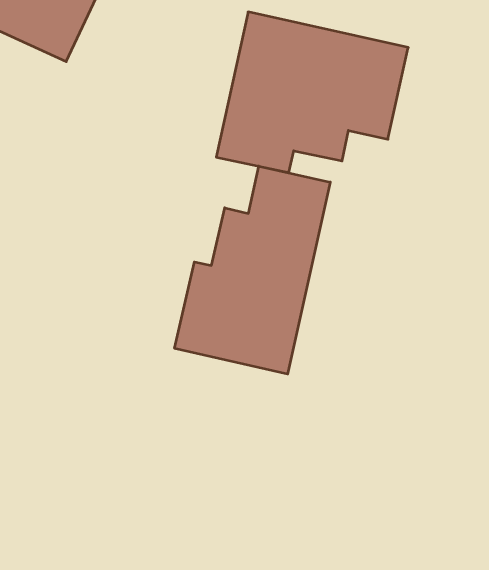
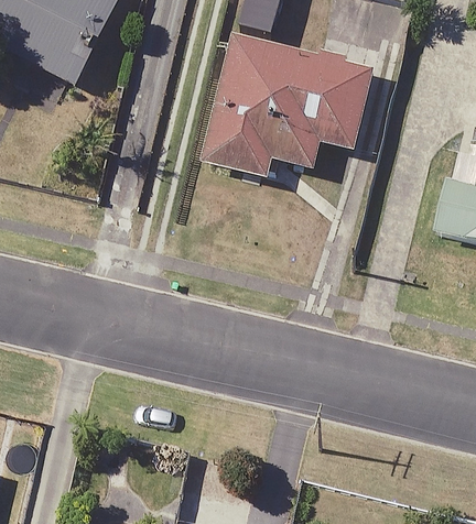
building: [175,166,330,374] -> none

